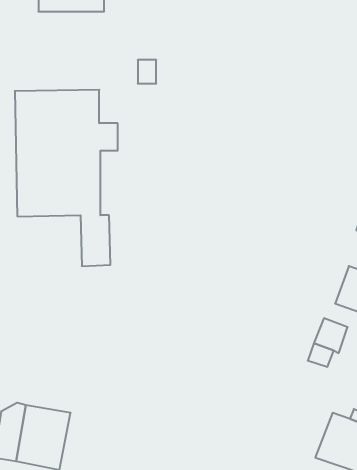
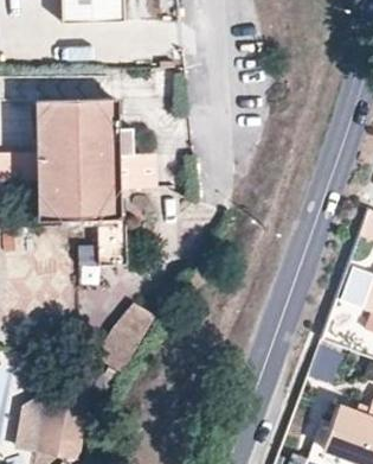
building: none -> [95,304,155,374]

